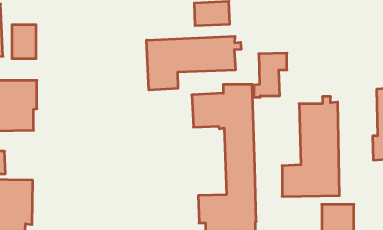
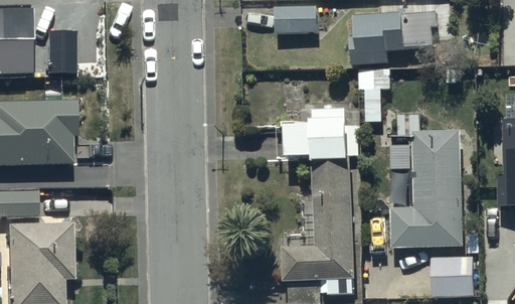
building: none -> [348,9,439,62]
building: [147,36,241,90] -> none

